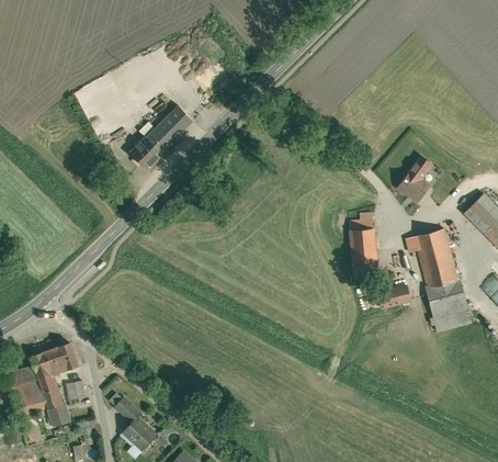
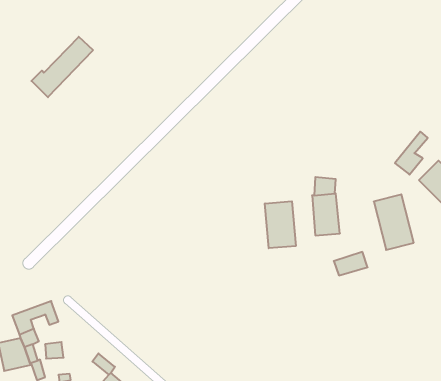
building: [127,110,193,174] -> [31,37,93,97]
building: [395,151,430,198] -> [395,132,428,175]
building: none -> [265,201,296,248]
building: [428,290,472,331] -> none

